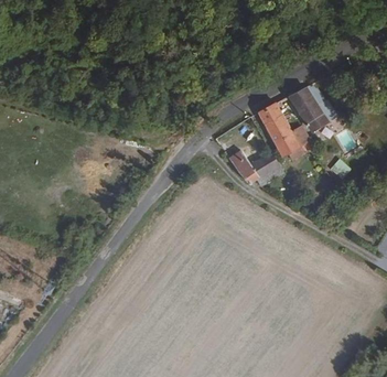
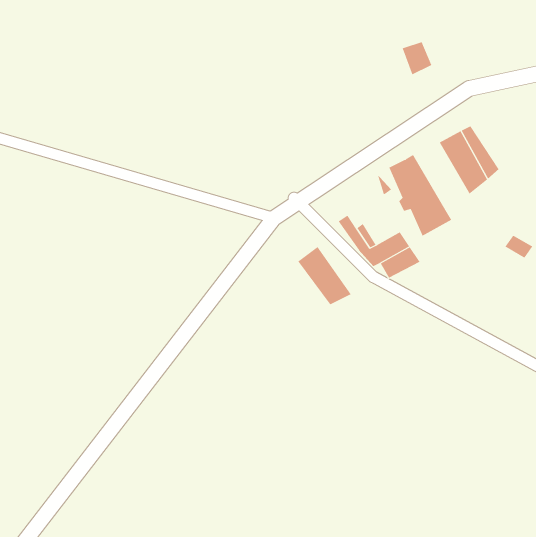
building: none -> [297,246,352,305]

